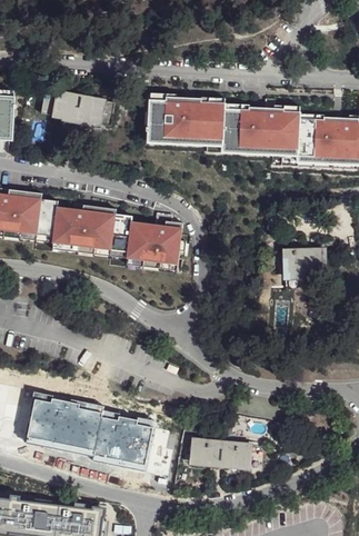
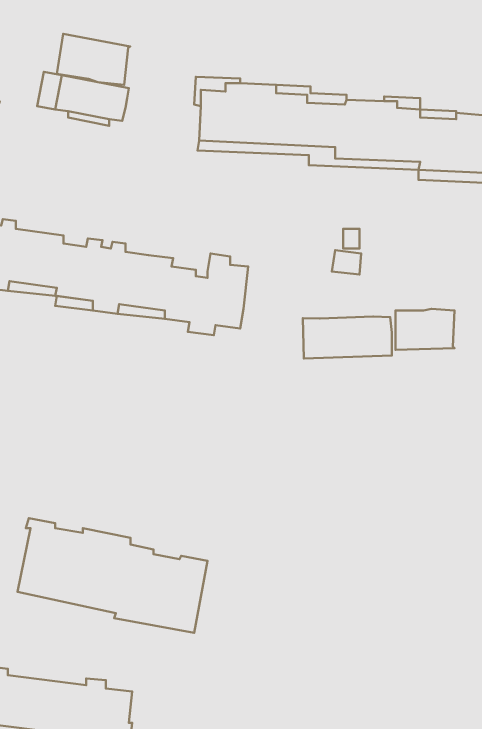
building: none -> [57,34,130,85]
building: none -> [303,317,392,358]
building: [189,441,248,470] -> none

